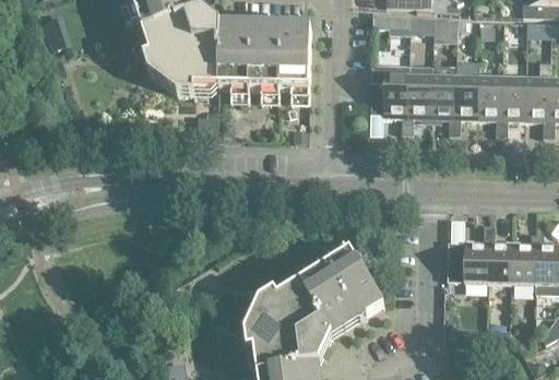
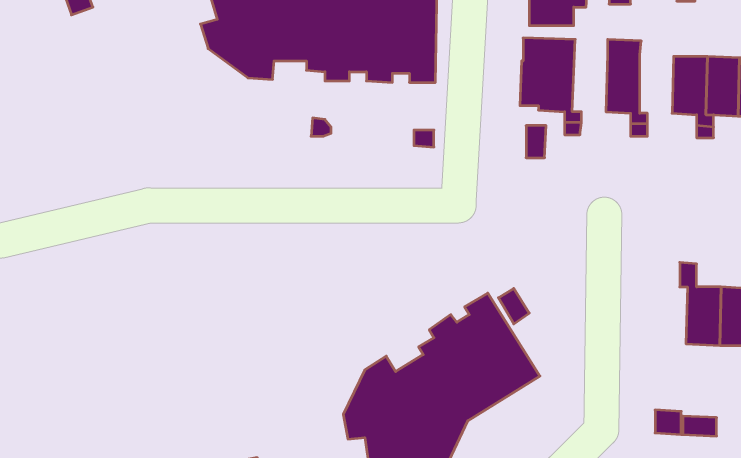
building: [455,60,479,117] -> none
building: [407,64,432,116] -> none
building: [448,239,489,281] -> none

